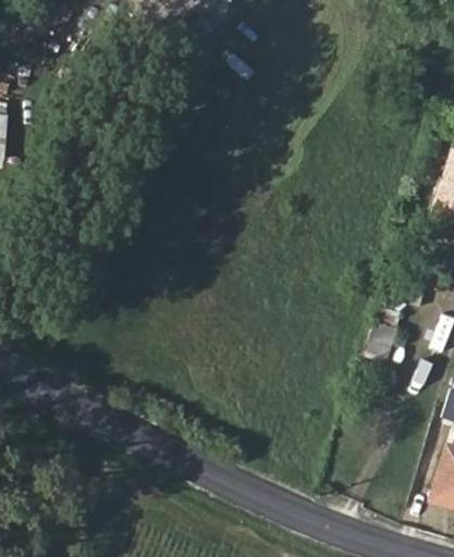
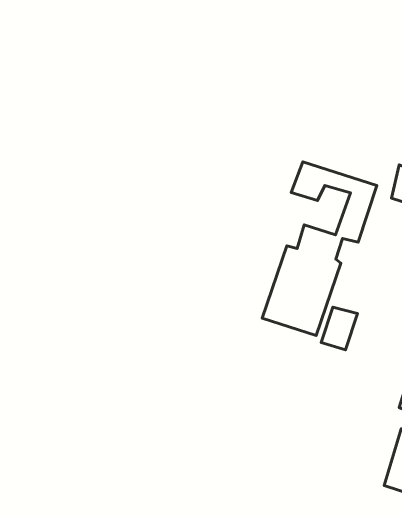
building: none -> [262,162,377,335]

